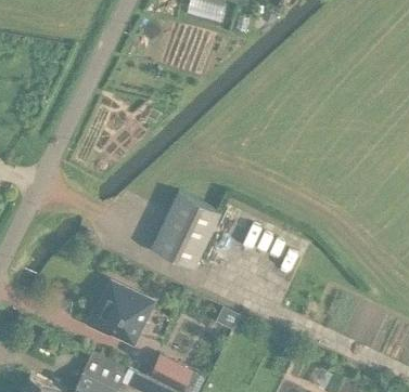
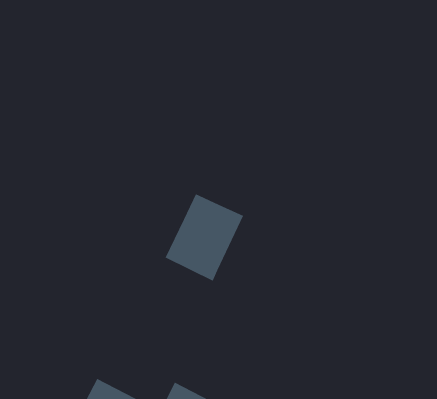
building: [88,282,152,342] -> none

